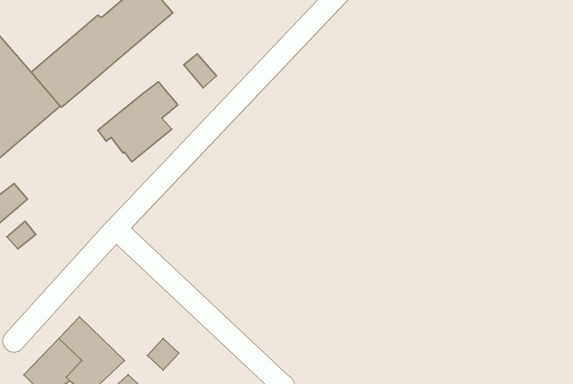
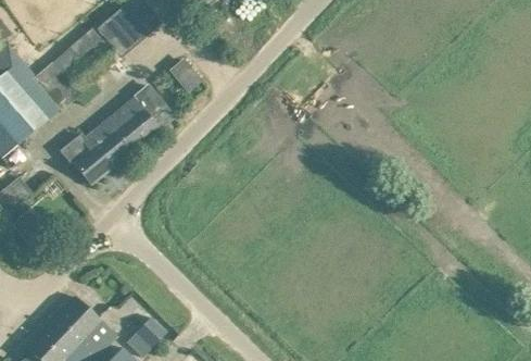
building: none -> [61,129,123,185]

